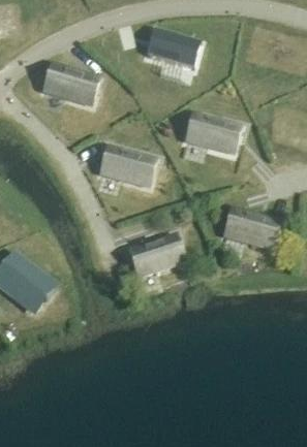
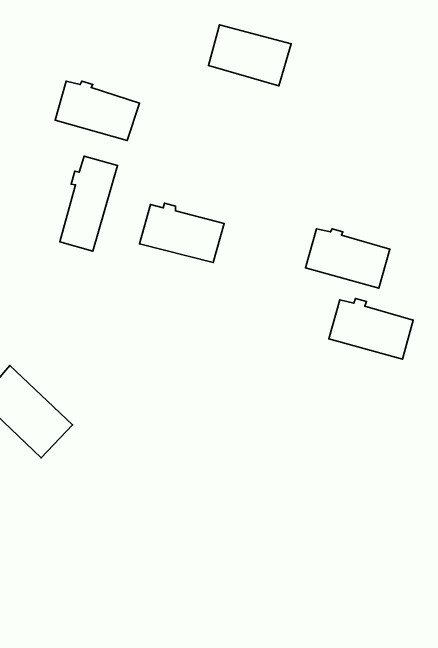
building: none -> [60,156,117,251]
building: [185,114,241,153] -> [305,229,390,288]
building: [128,234,184,275] -> none

